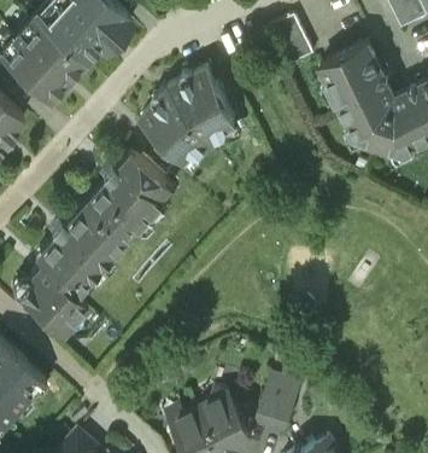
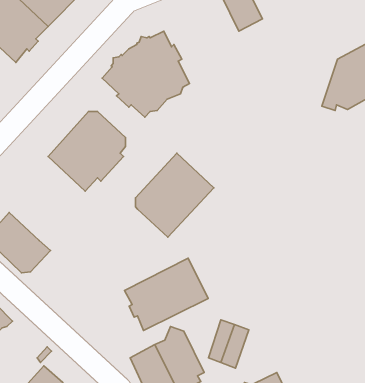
building: [319,43,394,149] -> none
building: [39,203,123,294] -> [135,153,214,237]
building: none -> [125,258,208,330]

